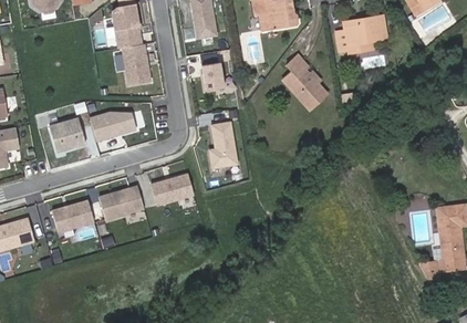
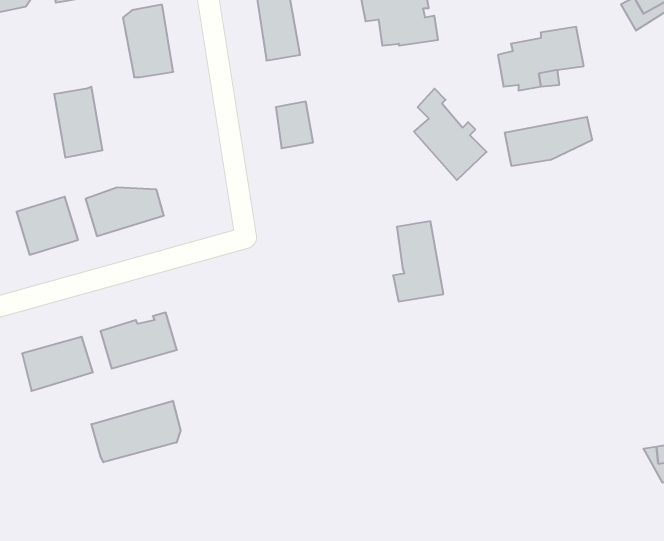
building: [122,43,151,85] -> [54,87,103,158]
building: none -> [505,117,592,166]
building: [207,121,237,168] -> [393,221,443,302]
building: [152,175,195,207] -> none
building: none -> [91,401,181,462]

